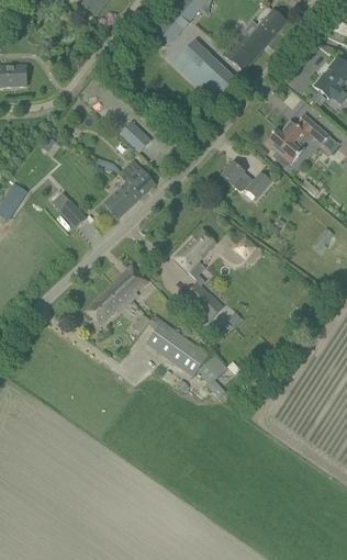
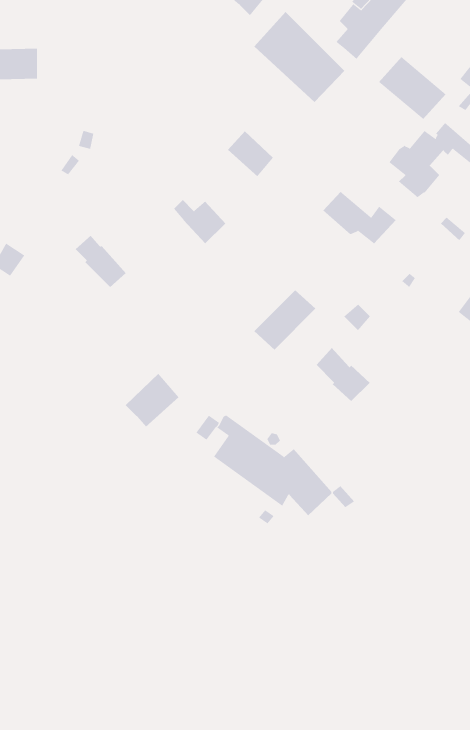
building: none -> [378,56,447,120]
building: [119,120,150,152] -> [227,130,274,177]
building: [103,181,141,219] -> none
building: [109,265,146,302] -> none
building: [186,281,223,318] -> [316,347,370,402]

